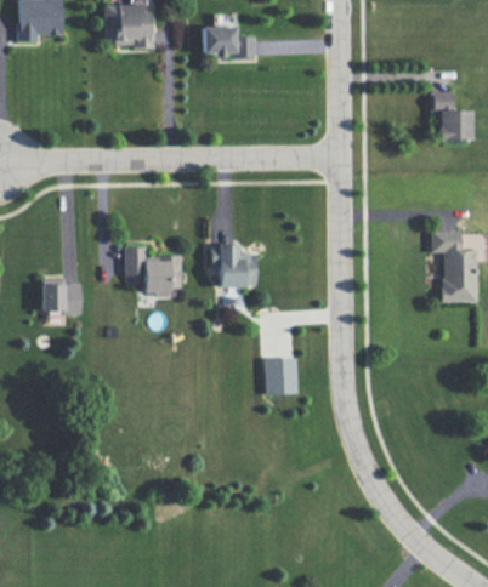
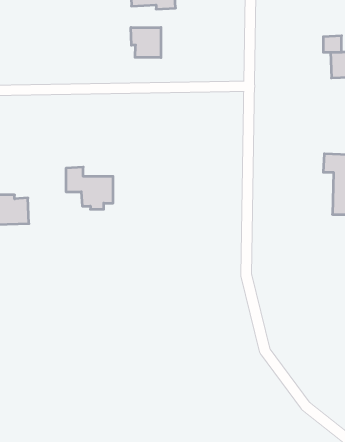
building: none -> [131,27,161,58]
building: [212,245,257,287] -> none
building: [267,358,299,394] -> none

